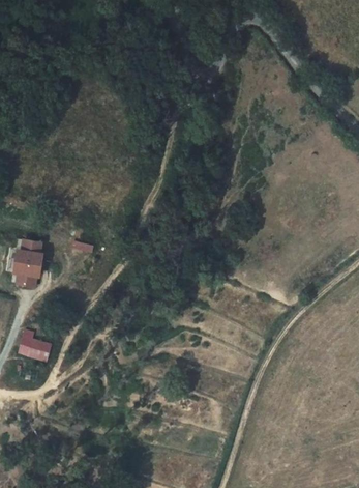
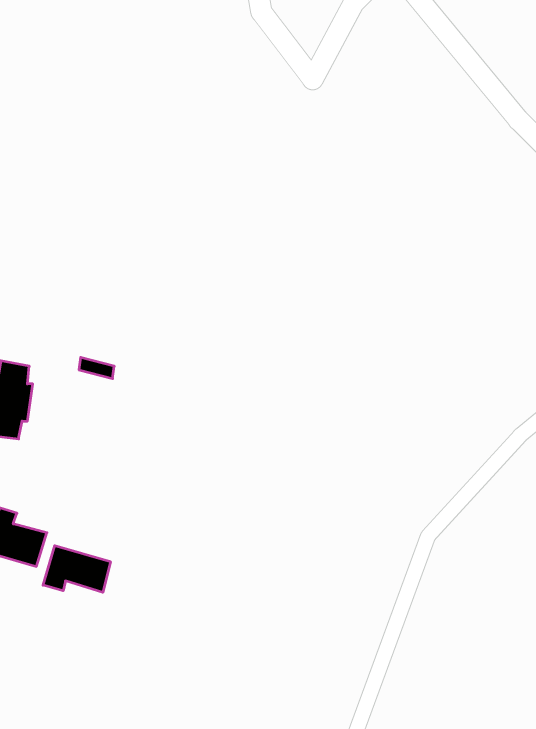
building: none -> [43,546,110,592]

